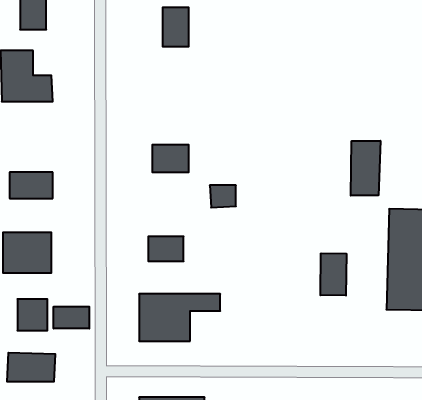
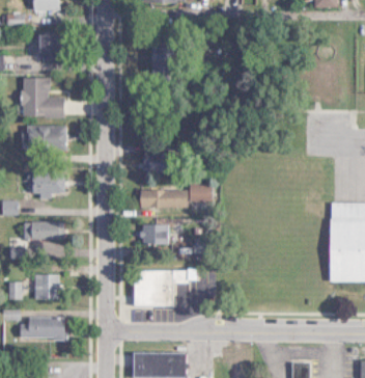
building: none -> [30,126,64,148]
building: [351,141,380,196] -> none
building: none -> [139,190,187,209]
building: [320,253,346,296] -> none
building: [54,307,89,329] -> none

